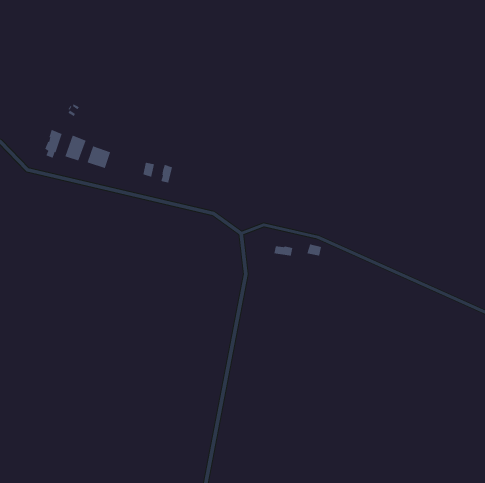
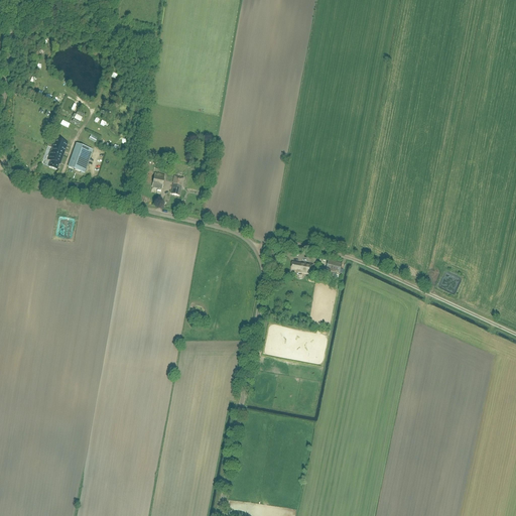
building: [87,146,111,169] -> none

